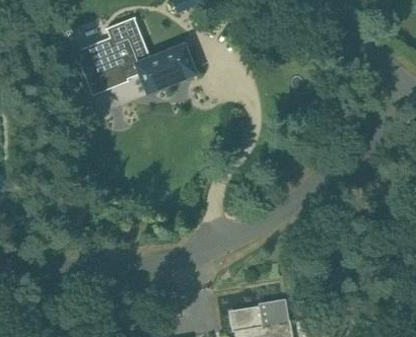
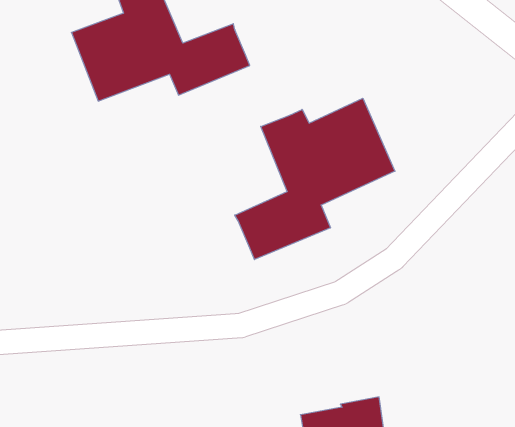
building: none -> [235,98,395,260]

